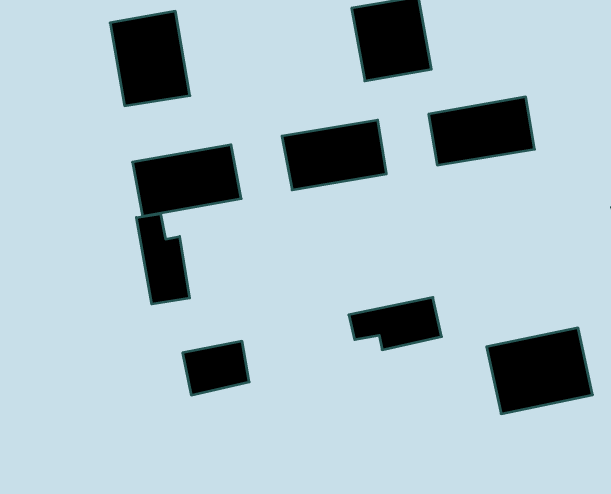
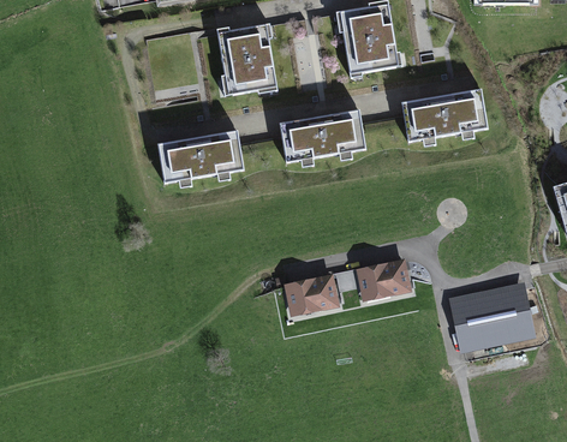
building: [110,11,190,106] -> [216,23,282,101]
building: [136,214,190,304] -> none
building: [183,341,249,395] -> [285,271,340,316]

